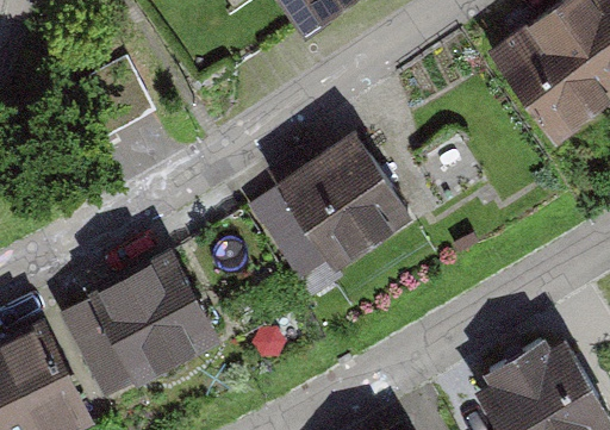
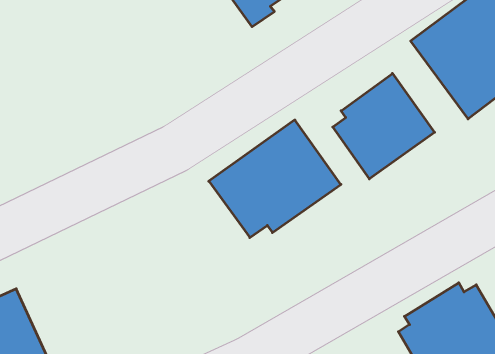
building: none -> [333,73,435,179]
building: [60,257,218,406] -> none

